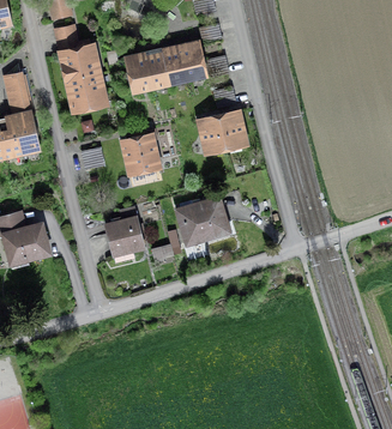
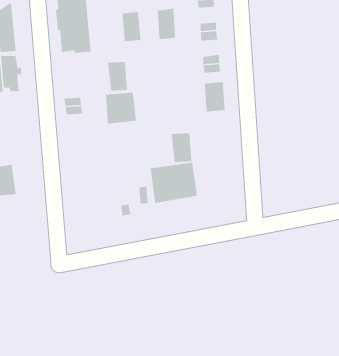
building: [180,42,204,78] -> none
building: [145,52,169,84] -> [107,61,128,92]
building: [200,117,225,150] -> [171,132,192,163]
building: [105,206,145,255] -> none

